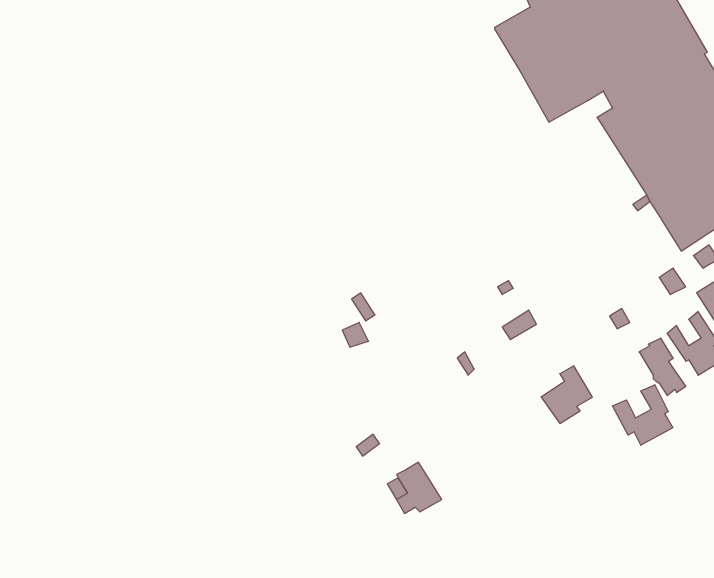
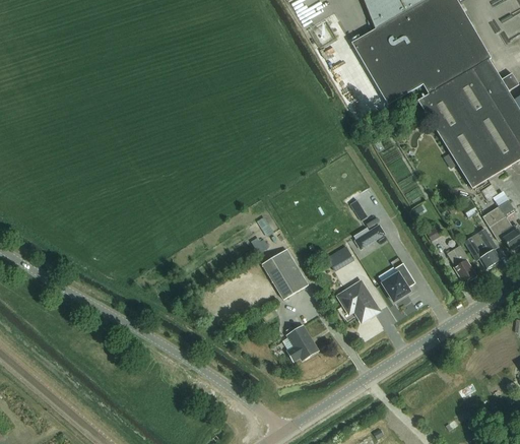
building: none -> [261,248,308,298]
building: [613,385,673,445] -> none
building: none -> [340,280,382,320]

